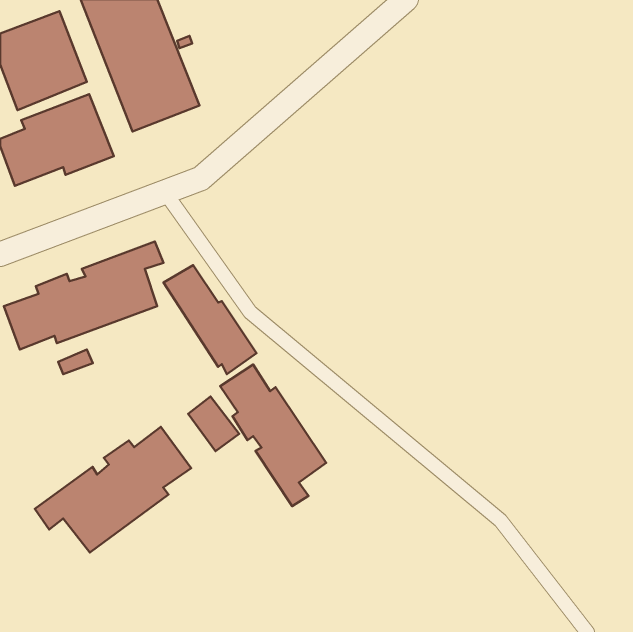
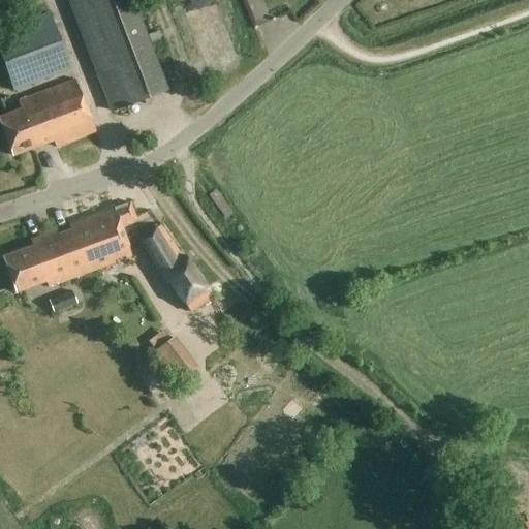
building: [220,364,326,506] -> none
building: [35,427,191,552] -> none

